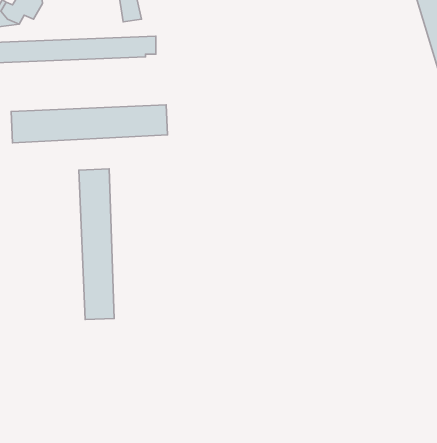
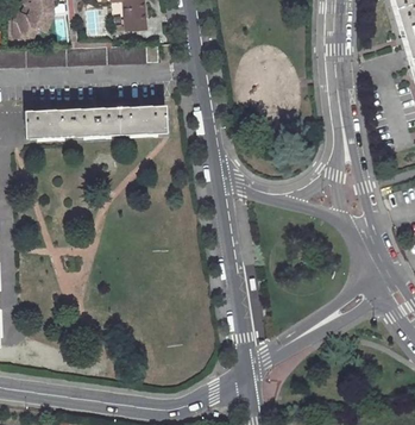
building: [79,169,114,320] -> none

